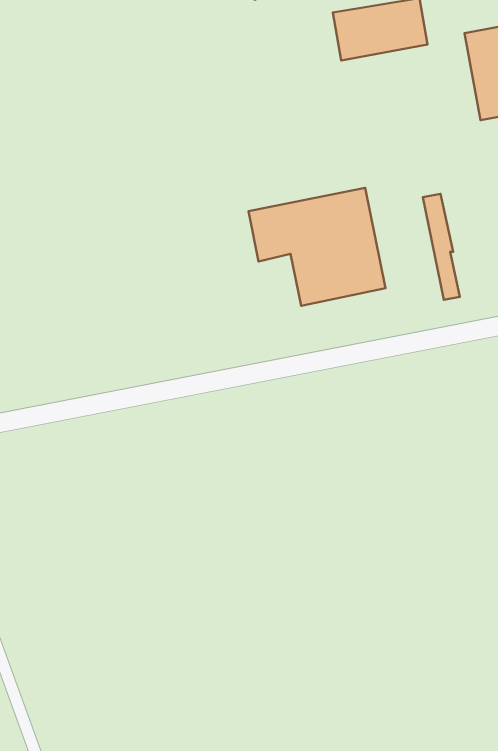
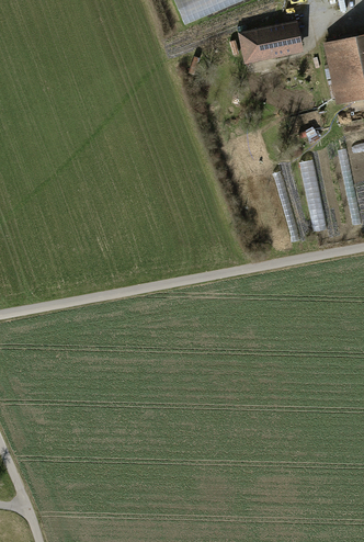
building: [248,188,386,306] -> none

